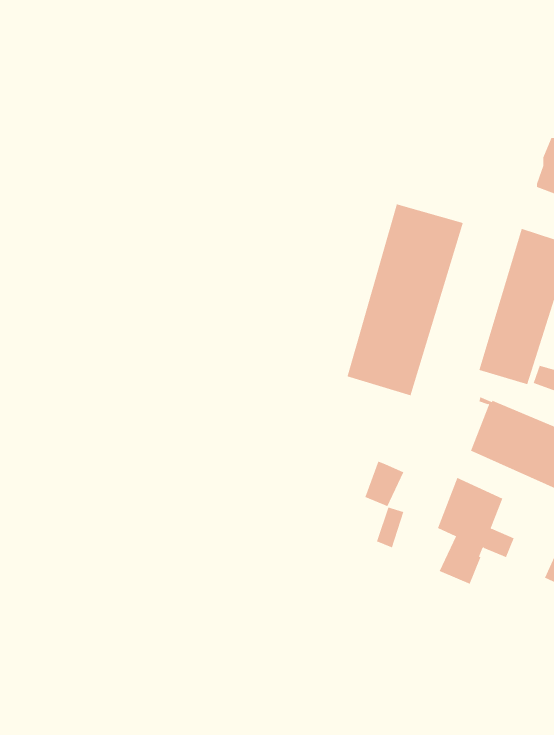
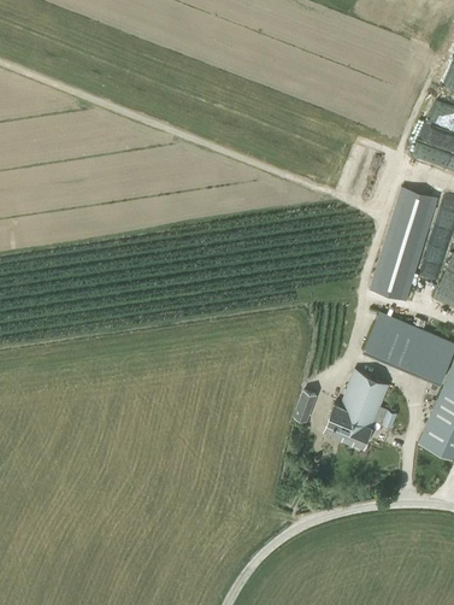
building: [347,203,463,396] -> none
building: [365,461,404,507] -> [324,405,353,439]

